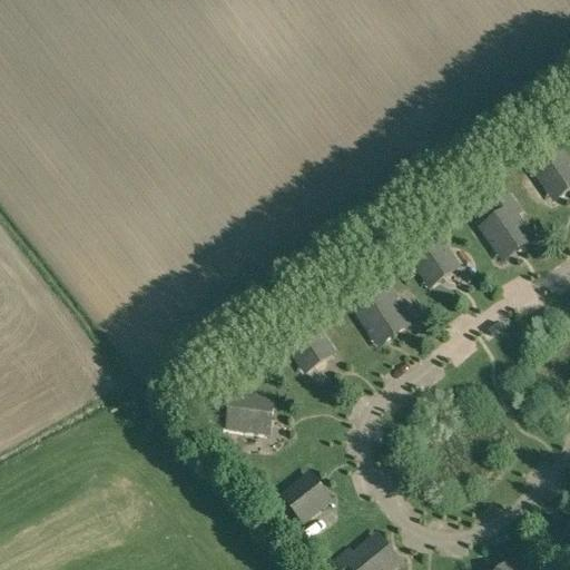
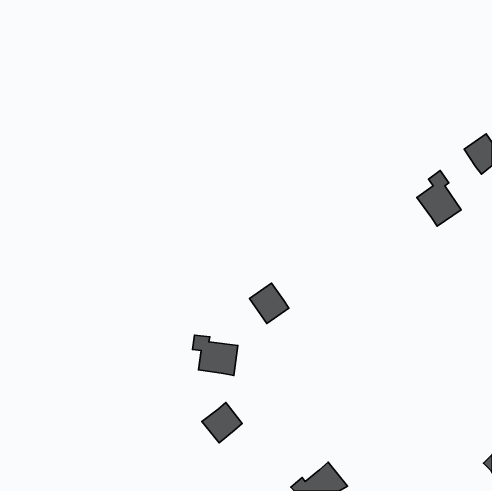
building: [412,240,459,288] -> none
building: [358,284,410,347] -> none
building: [284,474,331,521] -> [202,402,242,443]

